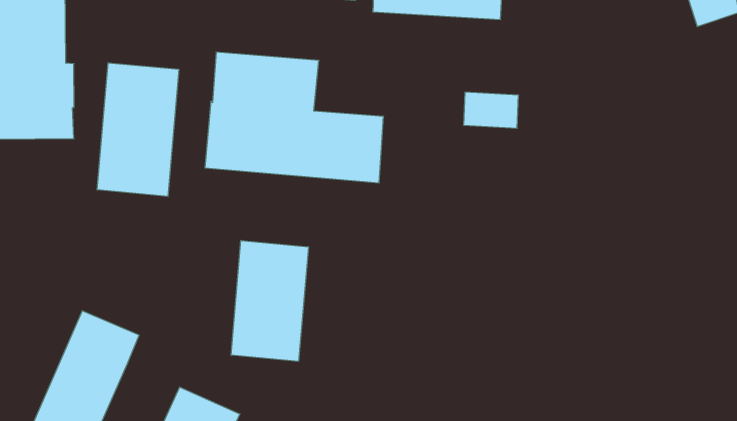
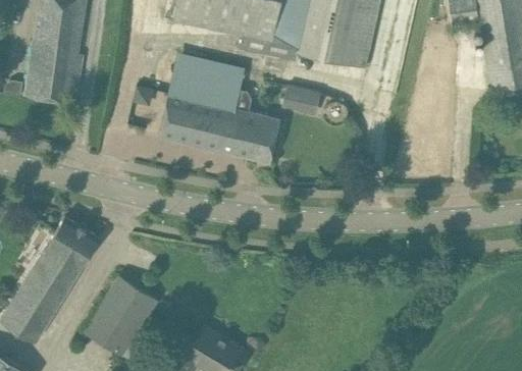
building: [97,63,179,197] -> none
building: [464,92,519,128] -> [278,84,317,112]
building: [231,240,308,361] -> none

